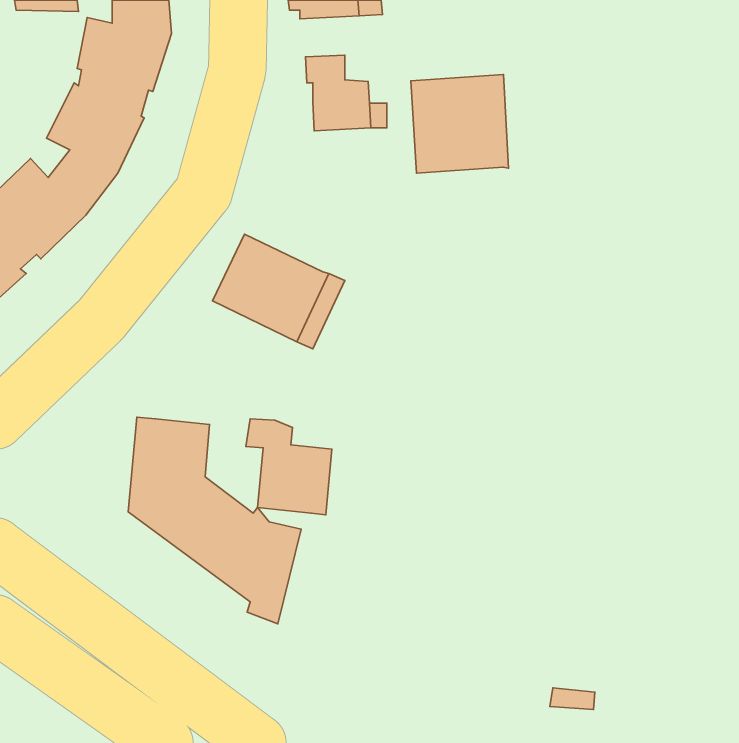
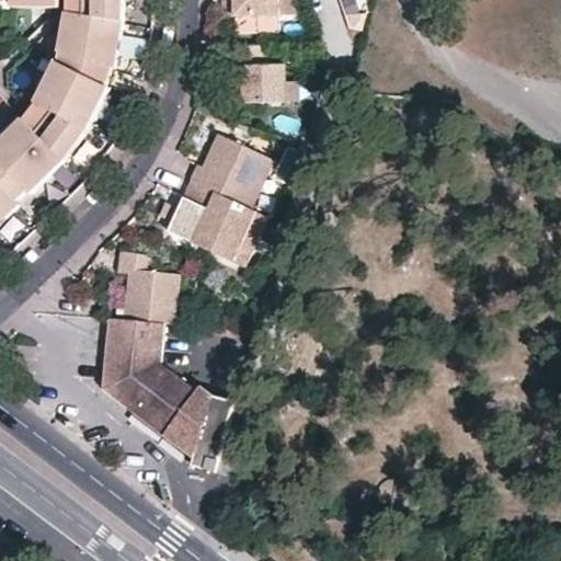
building: [411,74,509,173] -> none
building: none -> [184,129,266,205]
building: [246,419,332,515] -> [108,249,173,321]

